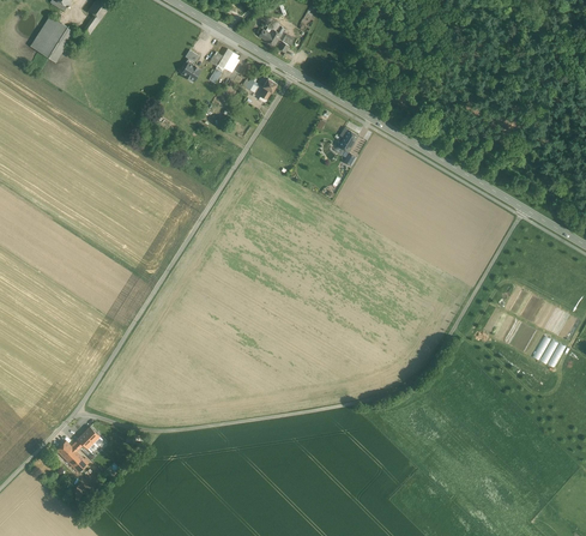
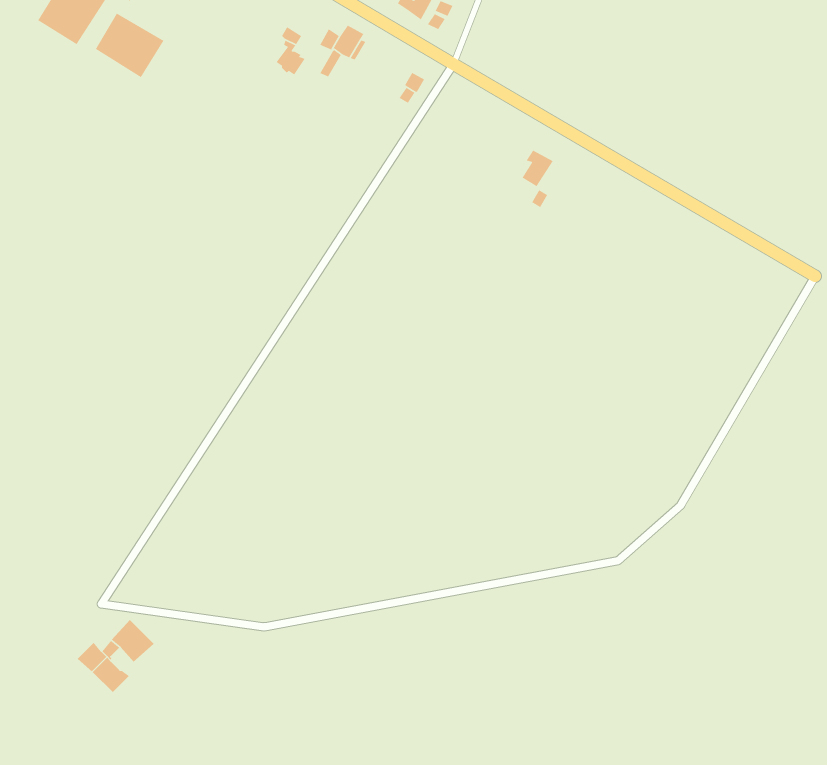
building: none -> [95,12,165,78]

